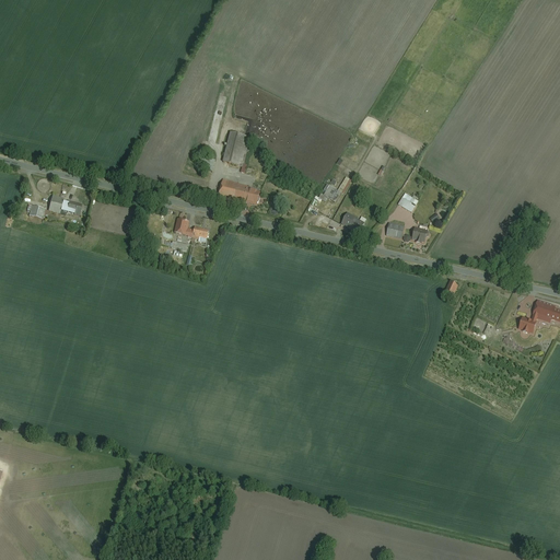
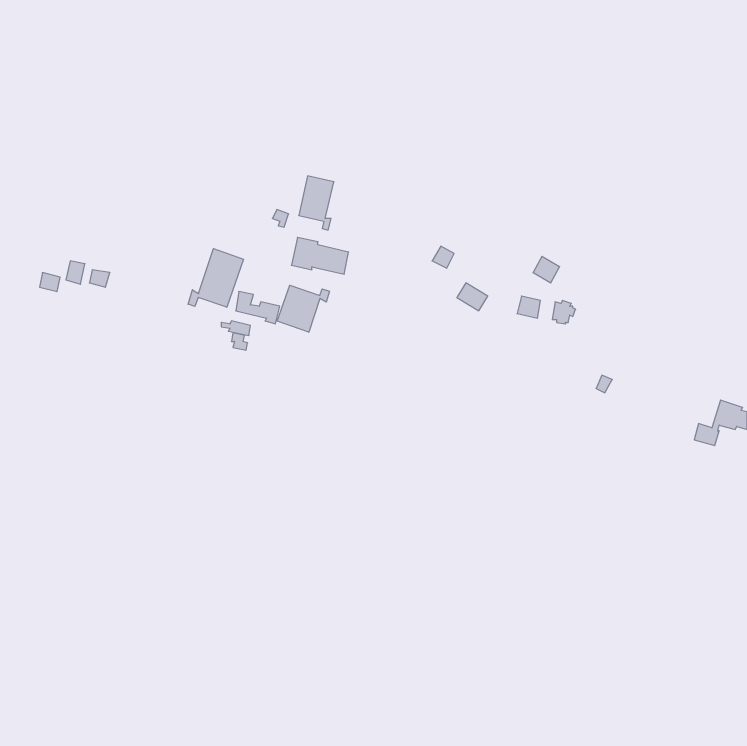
building: none -> [188,249,244,307]
building: none -> [277,285,329,332]

